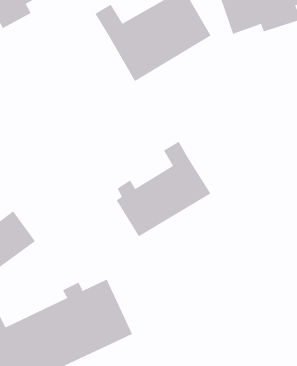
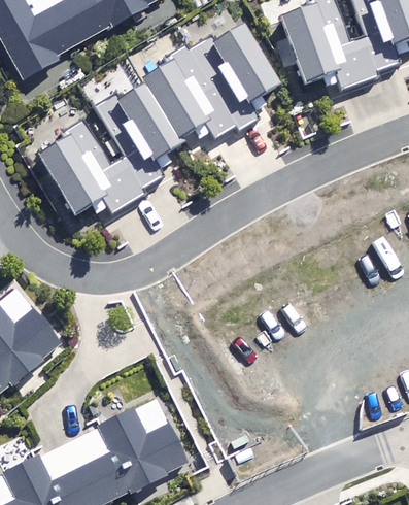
building: none -> [34,73,186,224]
building: [116,141,211,237] -> none

